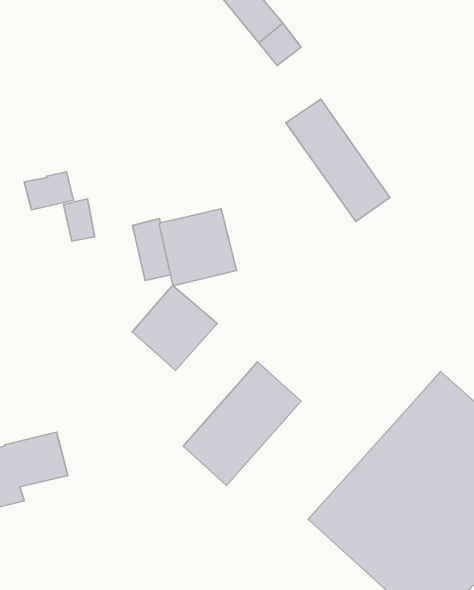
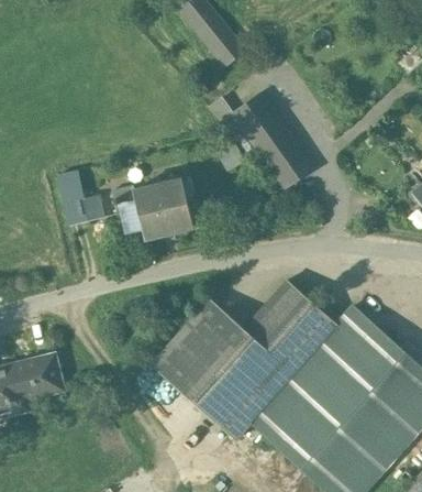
building: [24,172,74,210] -> [66,197,104,227]
building: [132,286,217,371] -> none
building: none -> [187,282,337,440]

